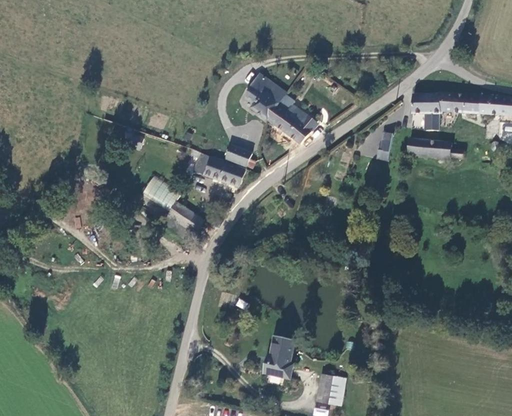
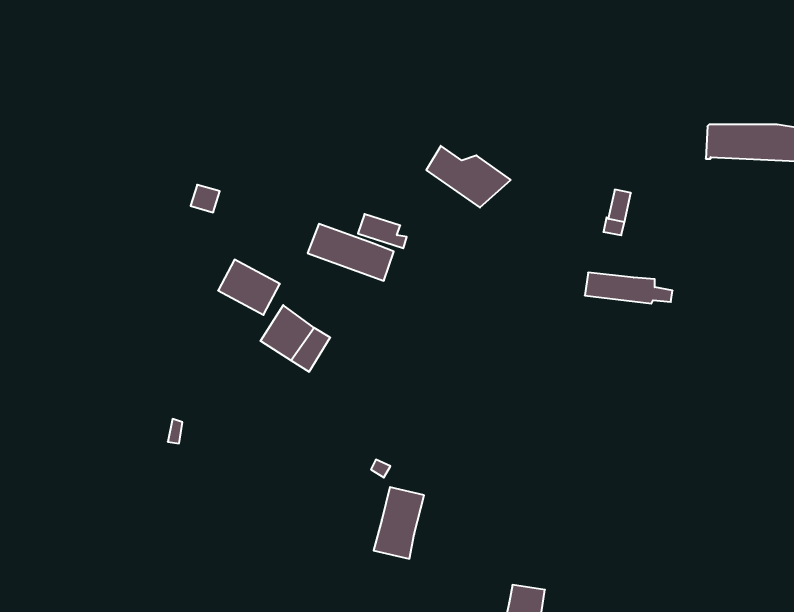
building: [245,72,284,119] -> none
building: [412,92,440,129] -> none
building: [408,138,462,157] -> [585,273,673,304]
building: [264,334,295,378] -> [374,487,424,559]

